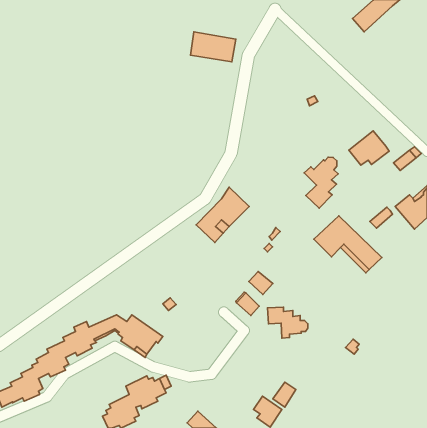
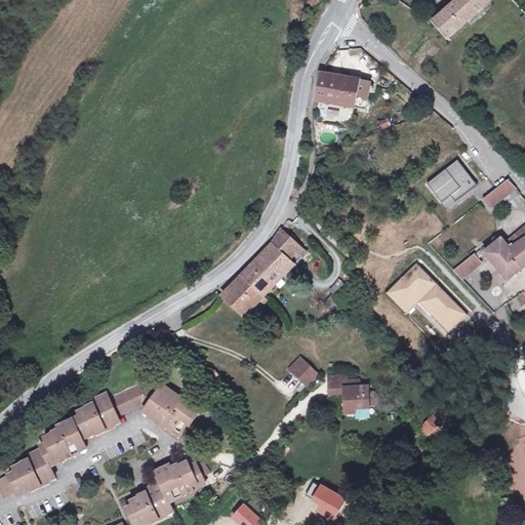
building: [191,32,236,62] -> [314,72,369,109]
building: [304,157,338,208] -> none
building: none -> [220,275,262,316]
building: [249,271,273,295] -> none
building: [273,382,296,407] -> none

